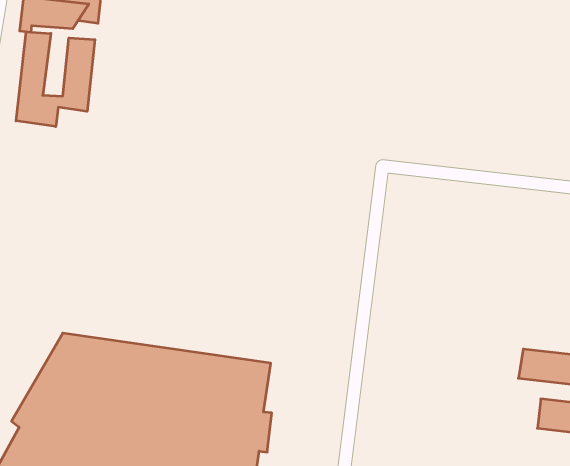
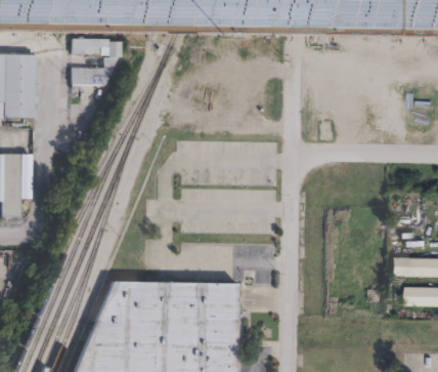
building: [16,32,95,127] -> none

